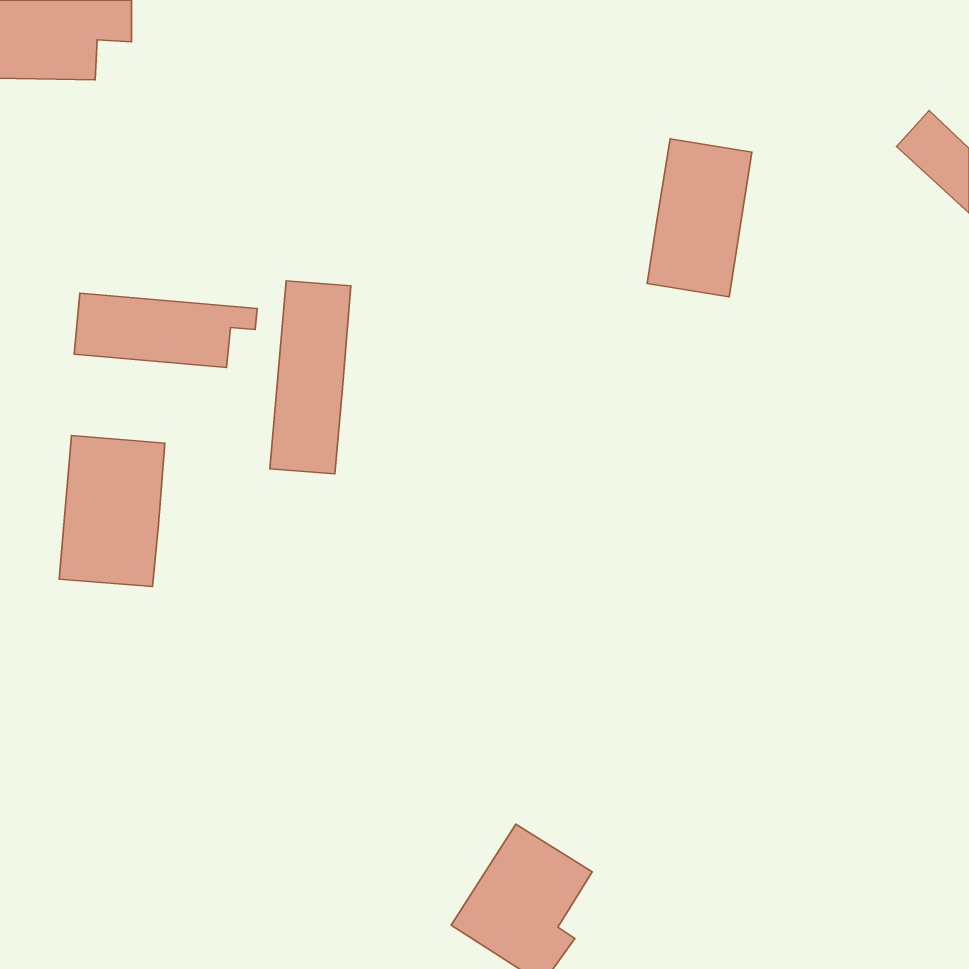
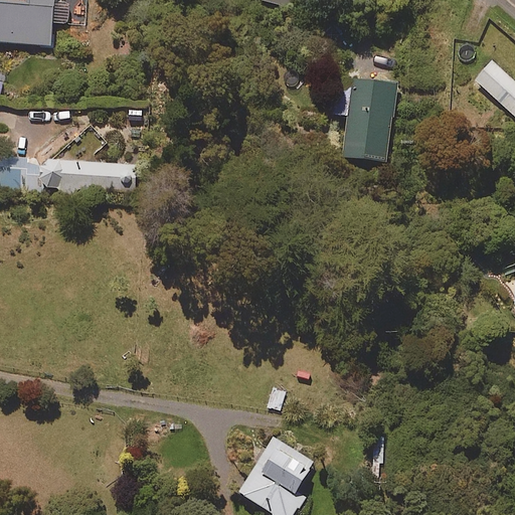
building: [270,281,351,474] -> none
building: [59,436,165,587] -> none

